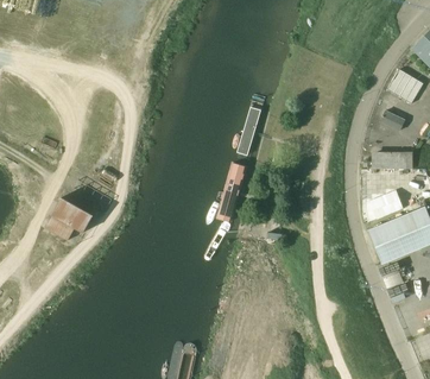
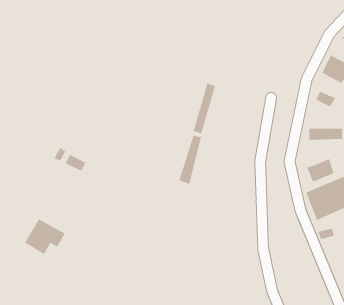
building: [44,197,93,240] -> [24,218,66,255]

